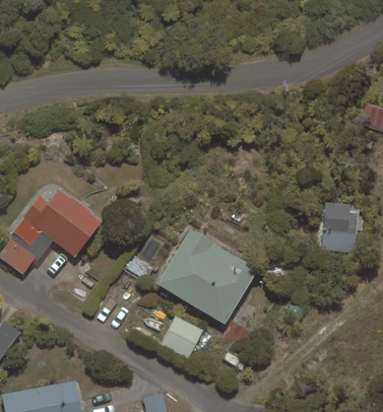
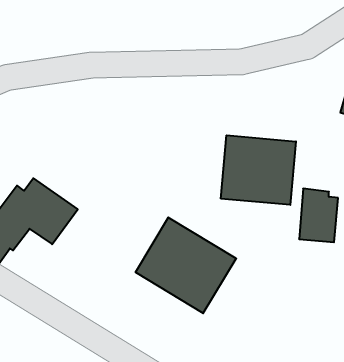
building: none -> [221,135,296,205]
building: [161,317,203,358] -> none

